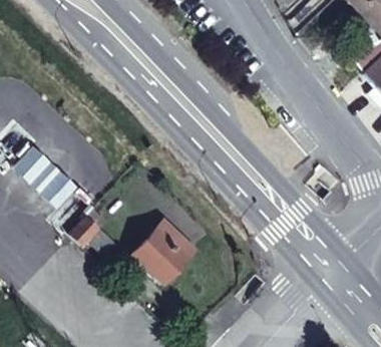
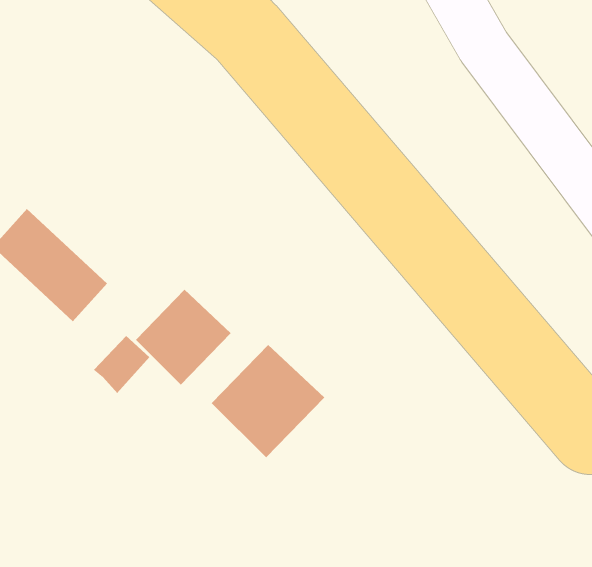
building: none -> [135,289,232,386]

